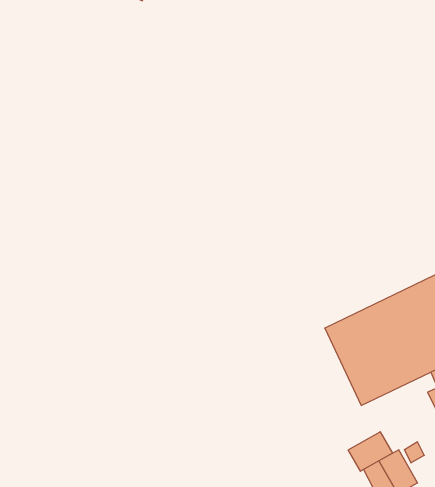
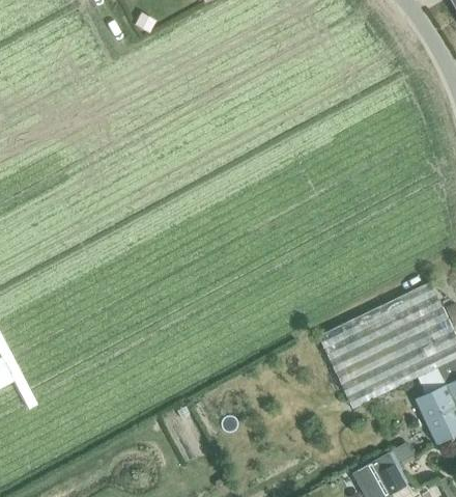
building: [348,432,392,471] -> none

